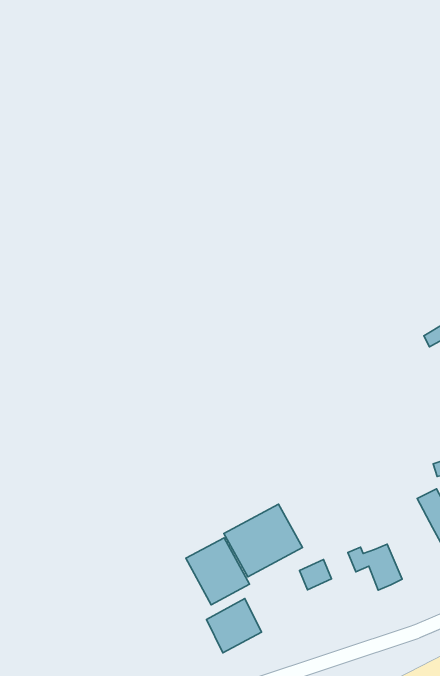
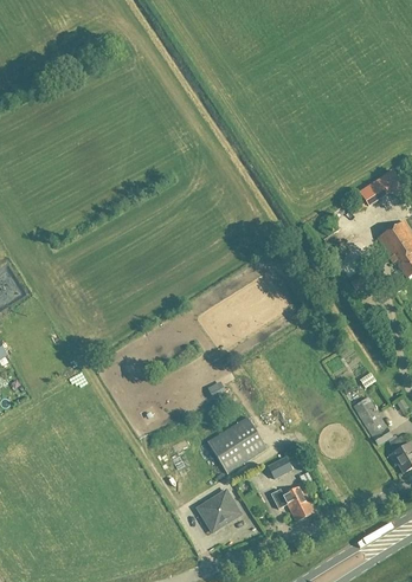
building: [186,538,250,605] -> none
building: [348,544,402,590] -> [270,485,313,520]

